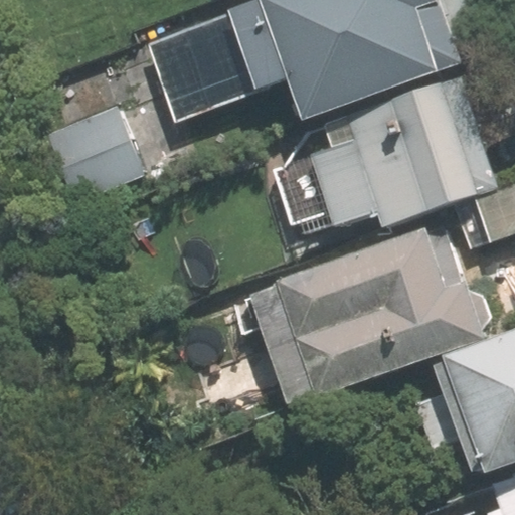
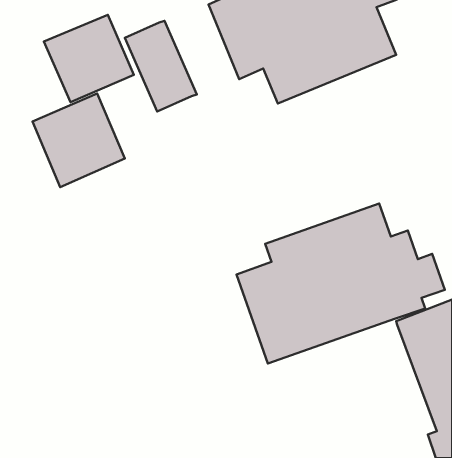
building: none -> [44,15,134,102]
building: [295,74,500,233] -> none

